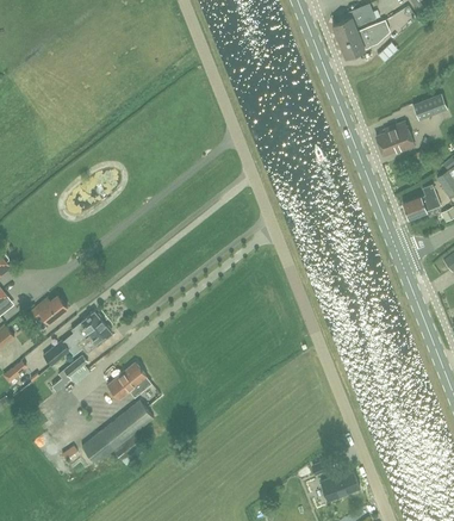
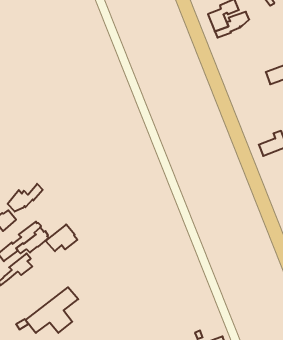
building: [375,120,415,155] -> none
building: none -> [8,184,43,212]
building: [107,362,151,399] -> [45,224,77,251]

